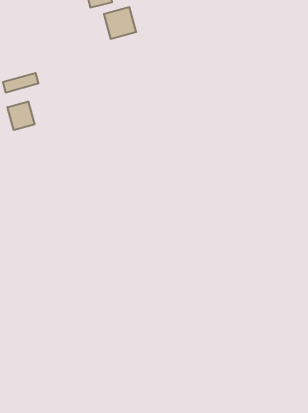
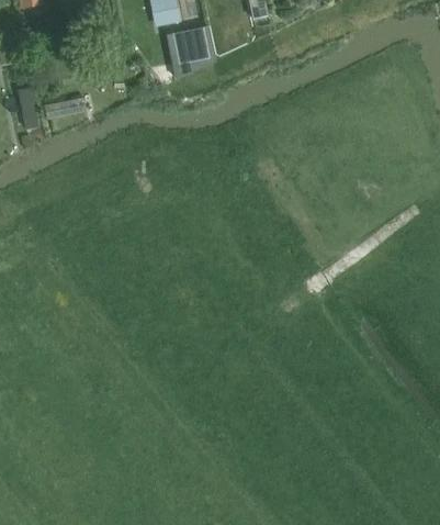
building: [7,101,35,130] -> none

